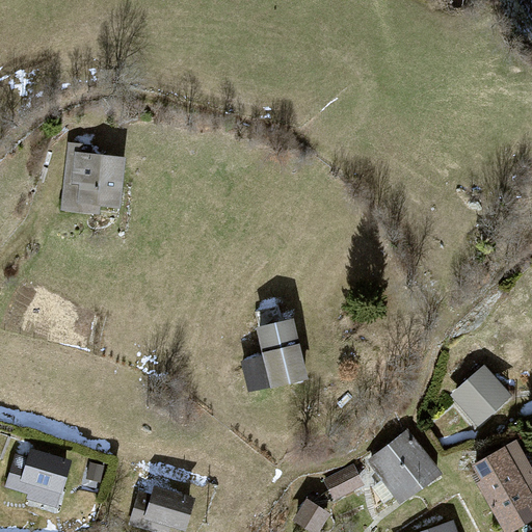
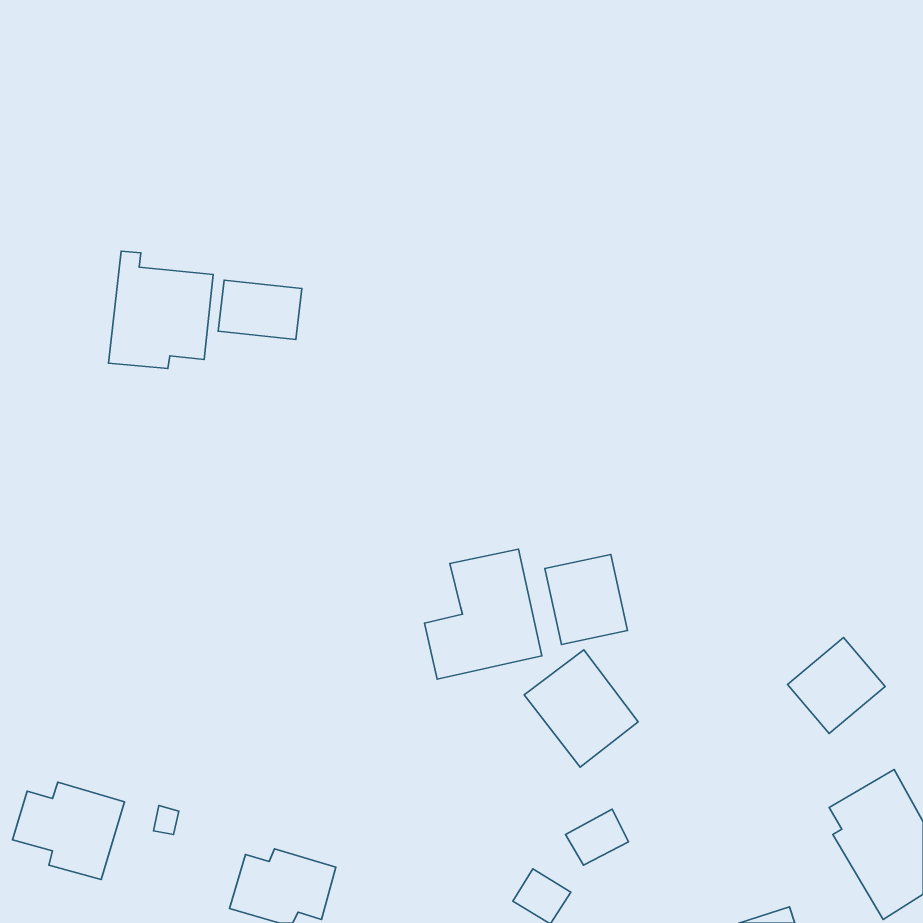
building: none -> [218,280,302,340]
building: none -> [545,555,628,644]
building: [373,432,438,500] -> [524,650,638,767]

